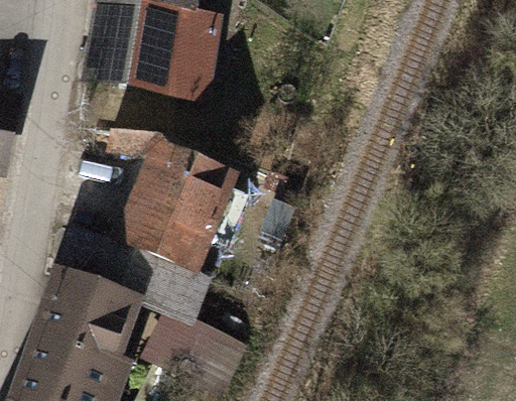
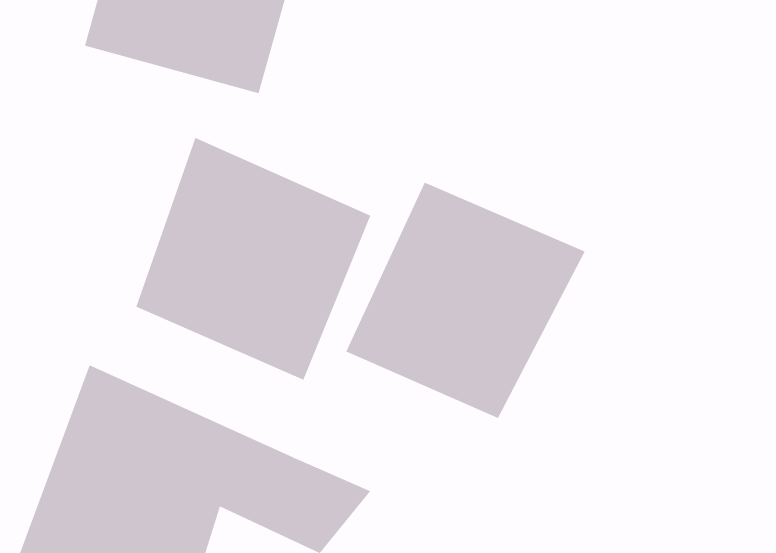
building: none -> [345,182,586,419]
building: [66,224,215,324] -> none

